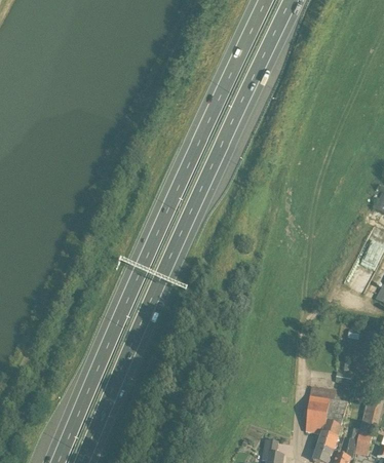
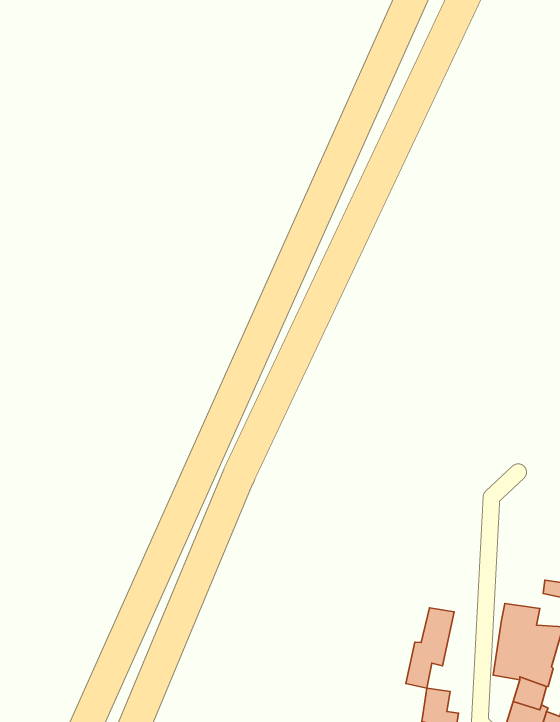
building: none -> [406,608,454,688]

